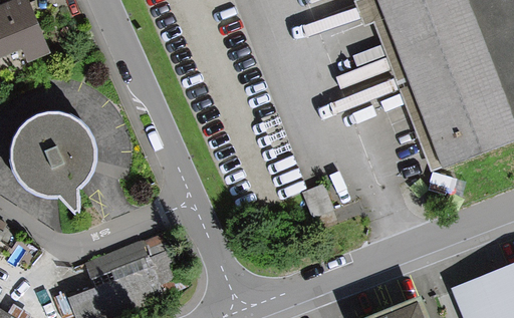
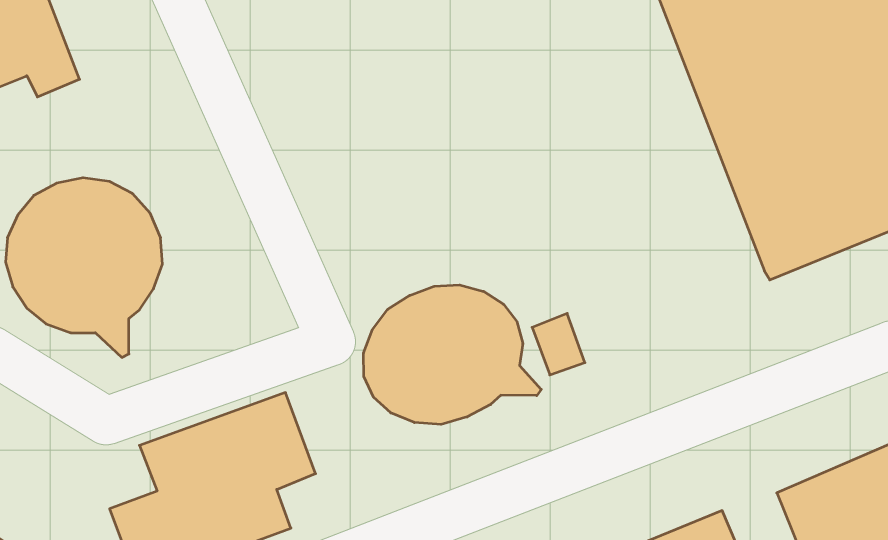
building: none -> [364,285,541,424]

